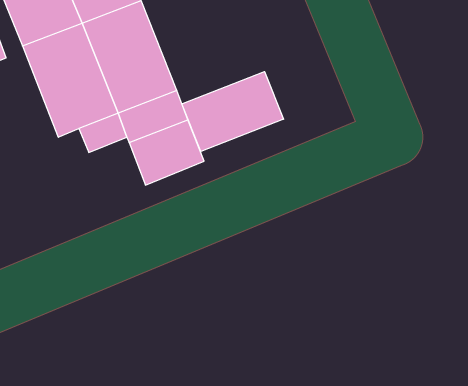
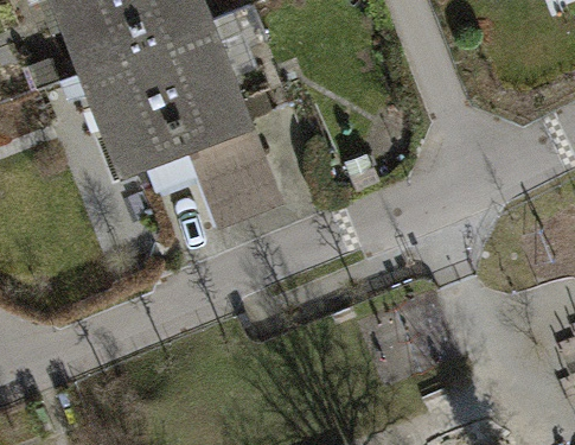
building: [182,72,284,151] -> none

